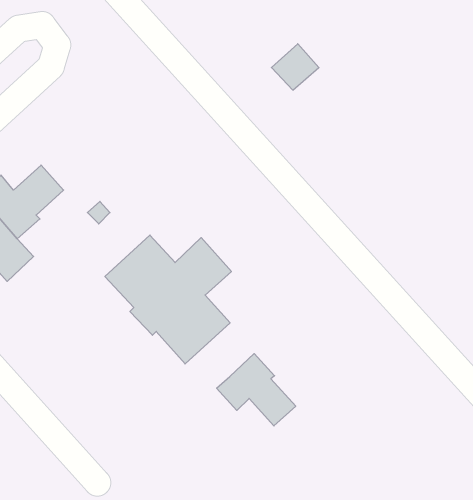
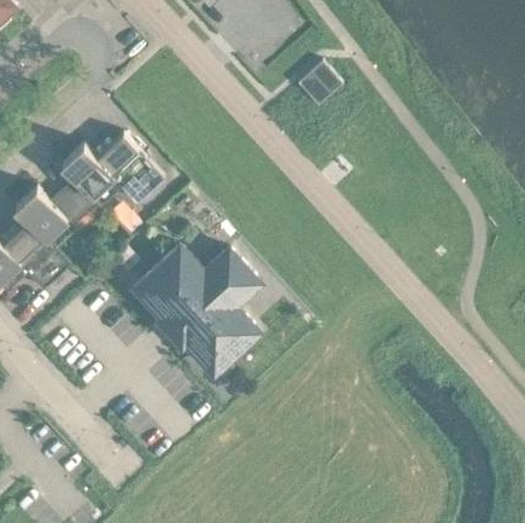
building: none -> [58,136,159,208]
building: [217,354,296,426] -> none

